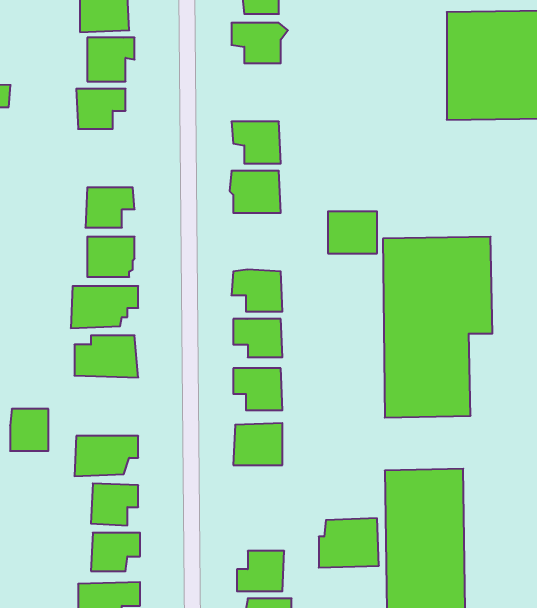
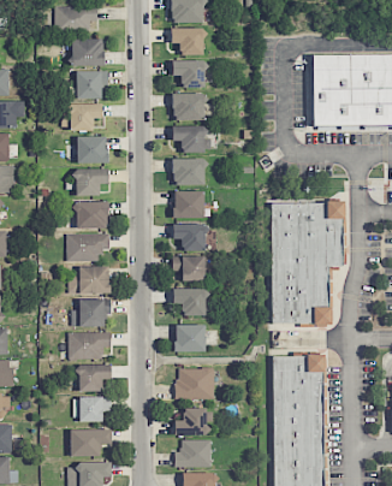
building: none -> [171,93,204,120]
building: none -> [77,135,108,162]
building: [328,211,377,253] -> [171,190,203,218]
building: [10,409,48,451] -> [78,298,103,326]
building: [319,518,379,568] -> [174,367,214,399]

